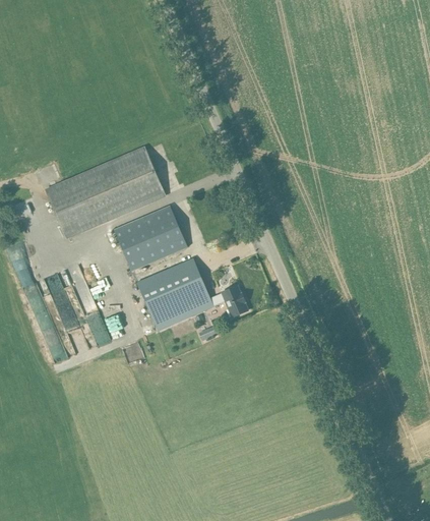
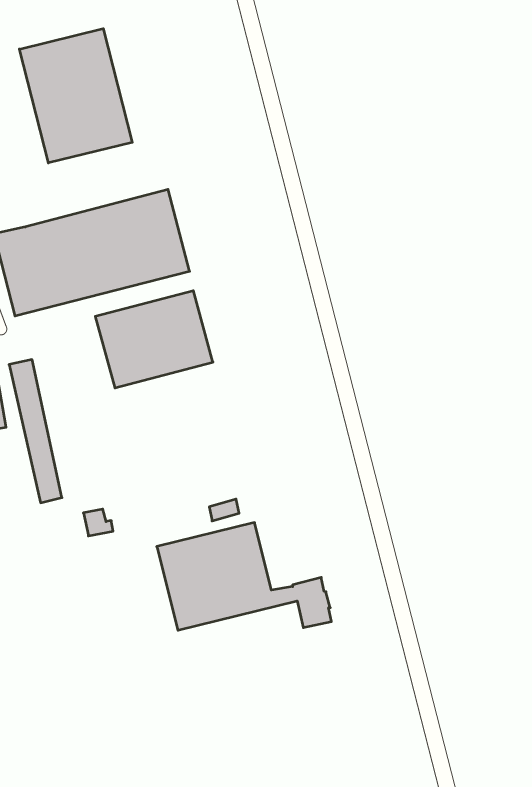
building: none -> [19,29,132,163]
building: [136,257,247,329] -> [157,523,331,630]

